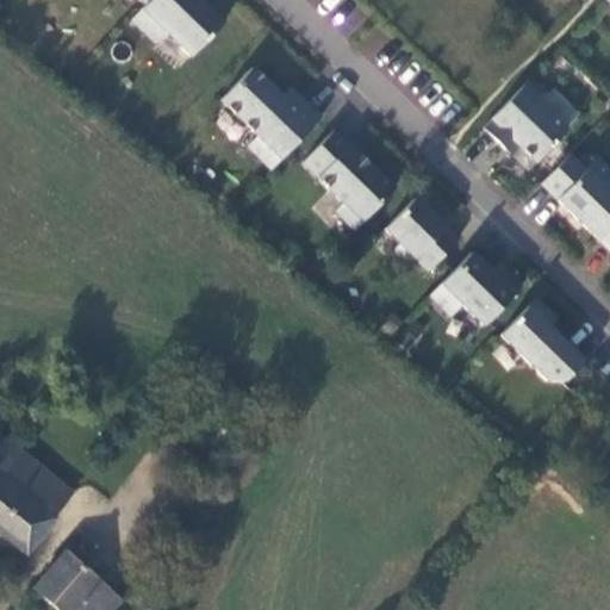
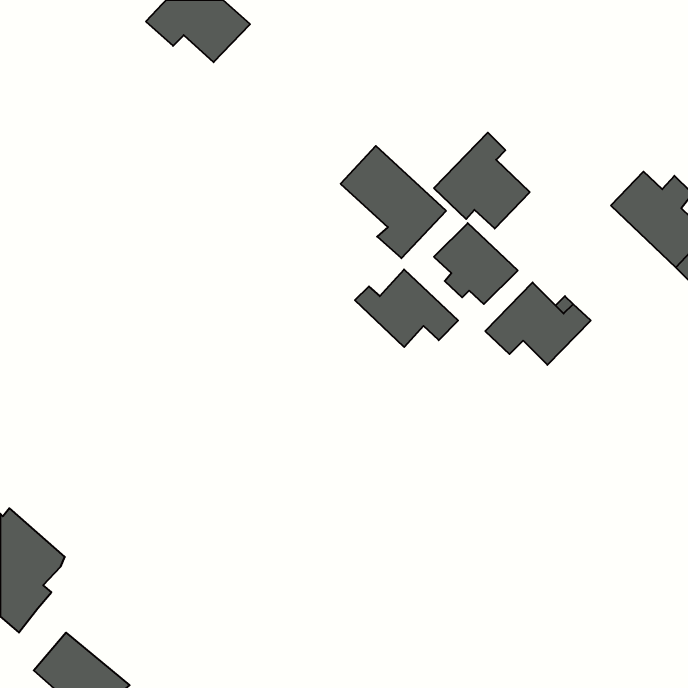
building: [222,69,320,169] -> none
building: [483,77,567,162] -> [434,133,530,229]
building: none -> [355,269,458,347]
building: [502,298,585,387] -> none

